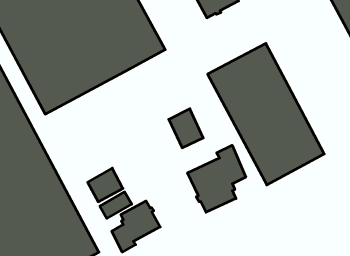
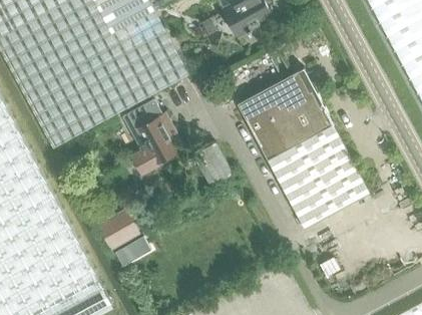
building: none -> [132,101,186,176]
building: [188,145,246,212] -> none
building: [112,201,160,252] -> none

